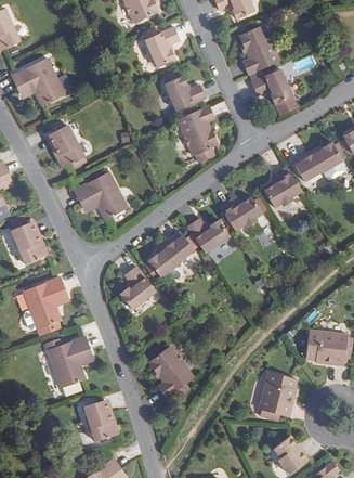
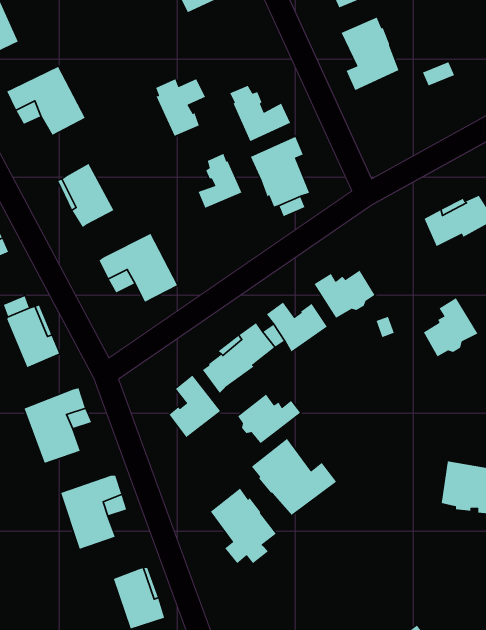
building: [143,25,178,65] -> [155,78,206,137]
building: [250,68,291,104] -> none
building: none -> [197,153,243,209]
building: [263,166,301,207] -> [423,297,478,358]
building: none -> [237,393,301,444]
building: none -> [251,438,337,516]
building: [258,371,296,419] -> none

